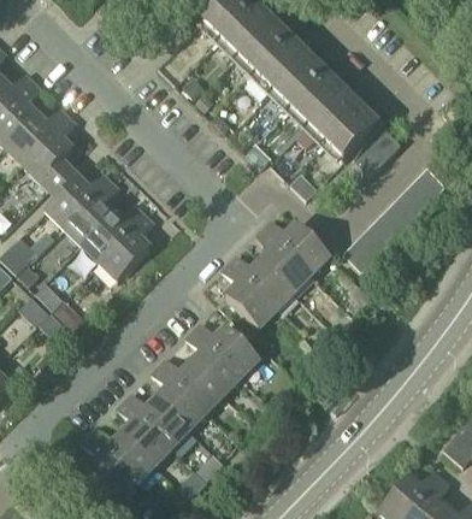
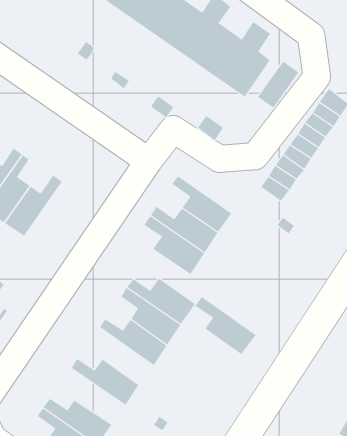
building: [100,214,155,282] -> none
building: [262,219,330,275] -> none
building: [151,365,207,430] -> [195,296,256,355]
building: [116,401,172,465] -> none

